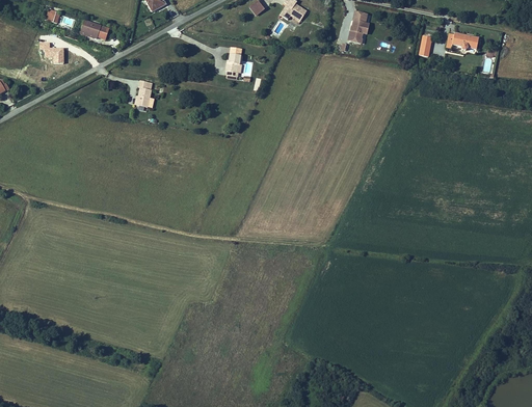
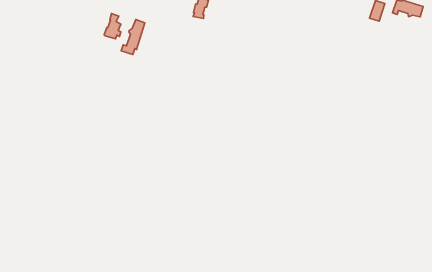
building: none -> [121,19,145,54]

